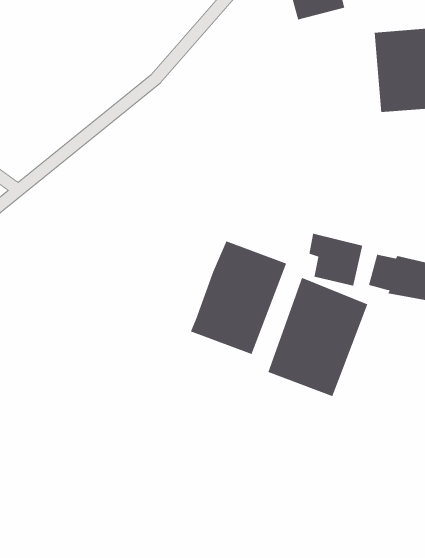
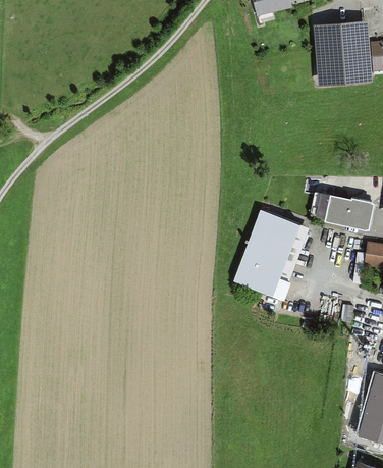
building: [309,233,363,286] -> none
building: [190,240,287,355] -> none

